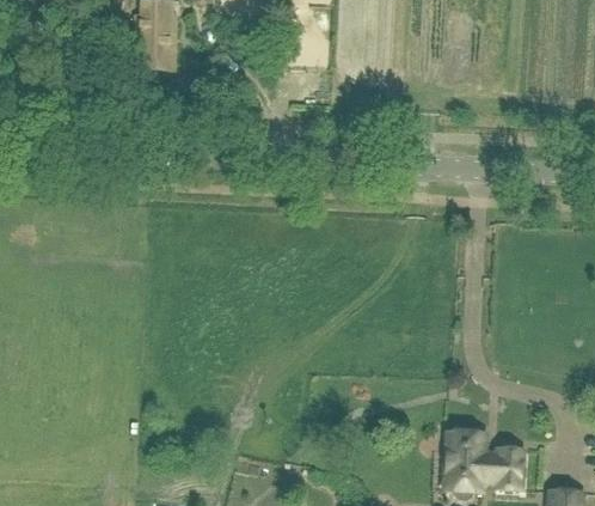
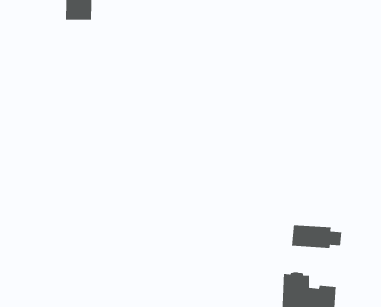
building: none -> [291,225,342,249]

